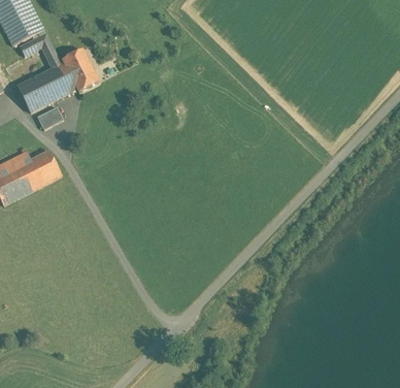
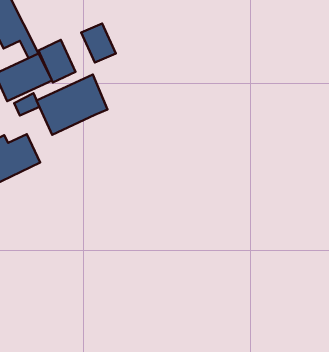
building: none -> [81,23,116,62]
building: none -> [37,75,108,135]

